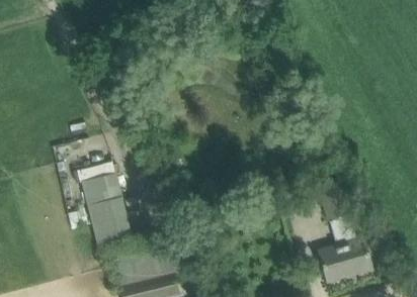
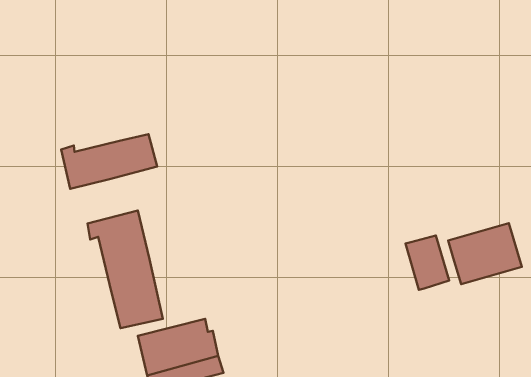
building: none -> [61,134,157,189]
building: [313,237,369,284] -> [448,223,522,284]

